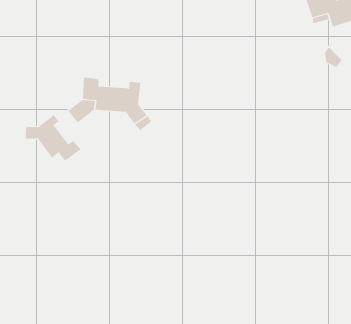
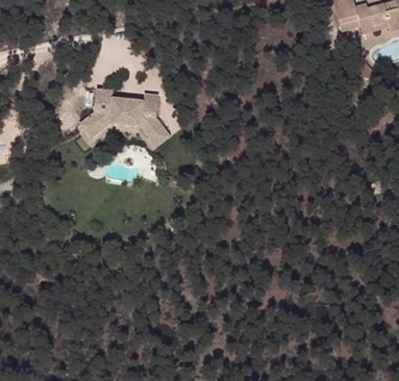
building: [25,114,82,162] -> none

